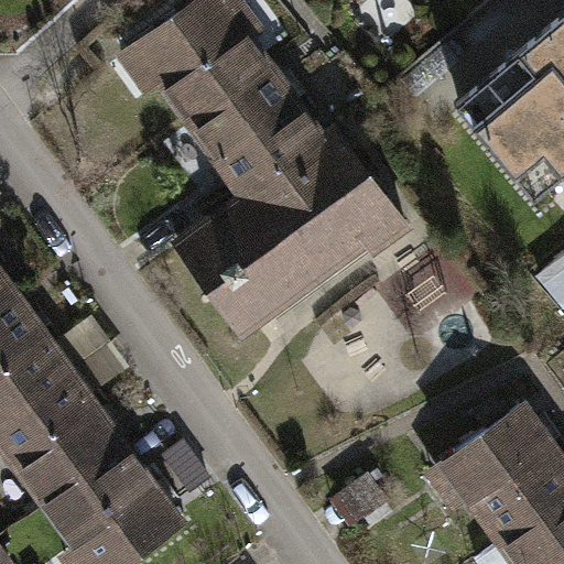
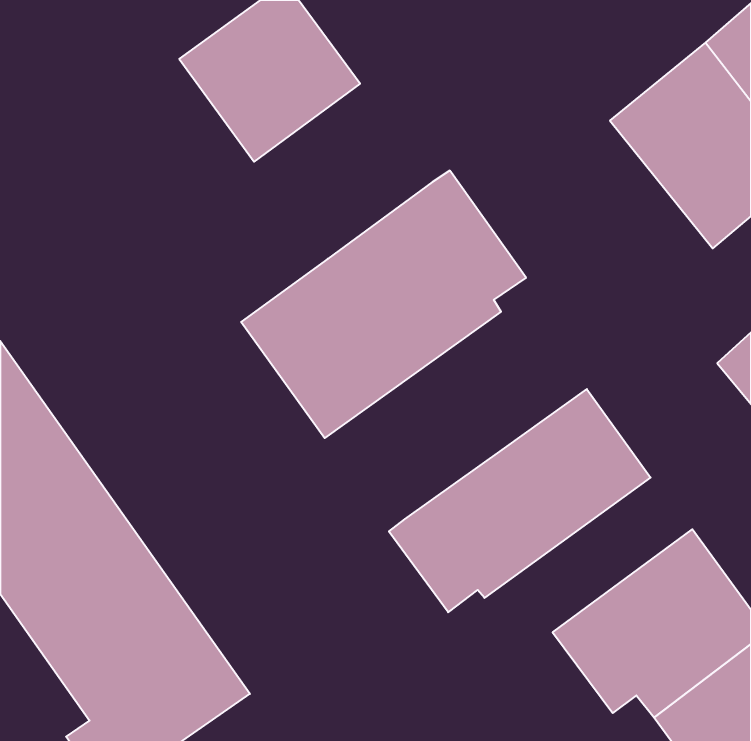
building: [191,70,324,202] -> none
building: none -> [389,389,651,612]

